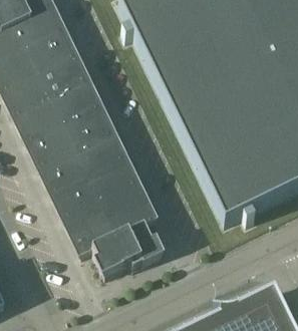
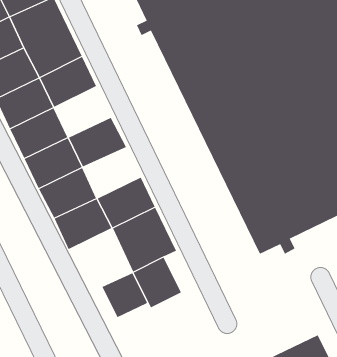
building: [51,77,99,120] -> none
building: [75,128,124,172] -> none
building: [63,197,117,251] -> none

